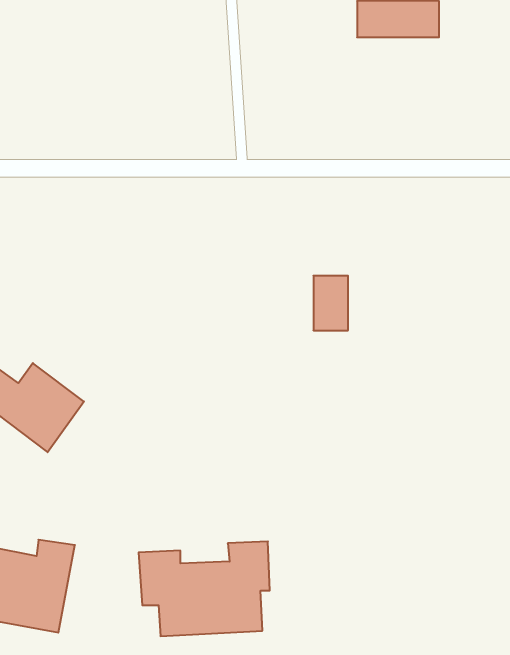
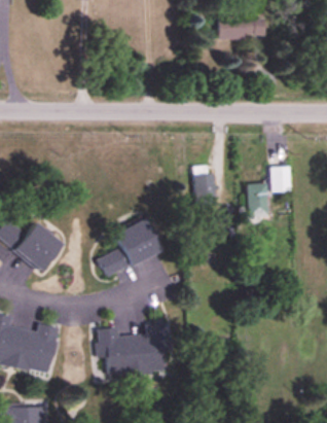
building: none -> [272,166,291,191]
building: none -> [248,183,268,217]
building: none -> [98,218,162,276]

